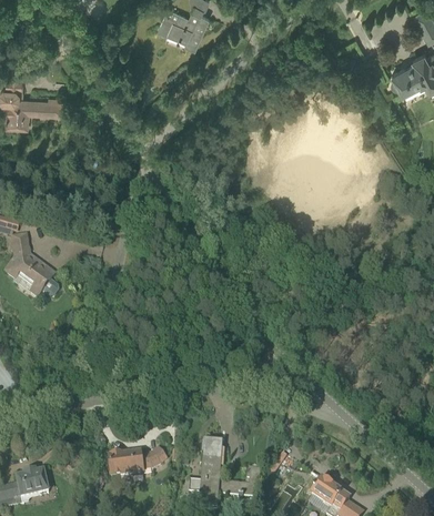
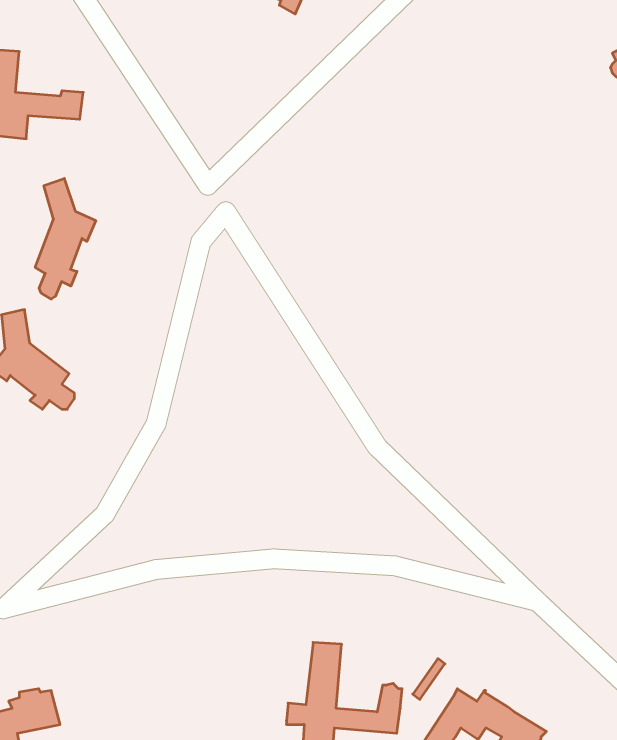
building: none -> [35,178,96,299]
building: [109,447,166,476] -> none

